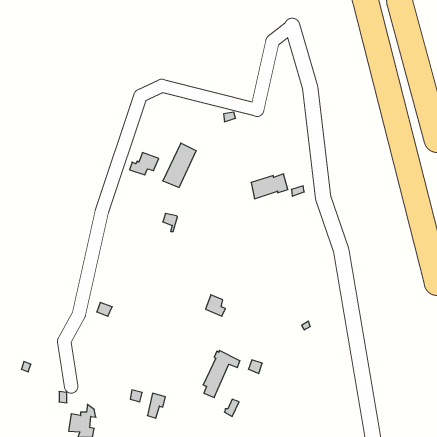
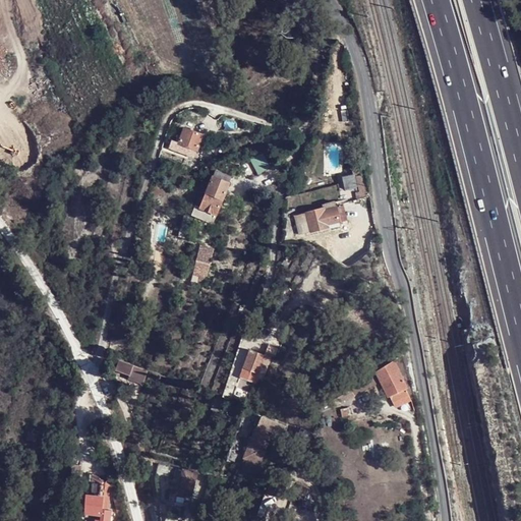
building: [130,153,159,175] -> [167,128,201,155]
building: none -> [374,362,407,403]

